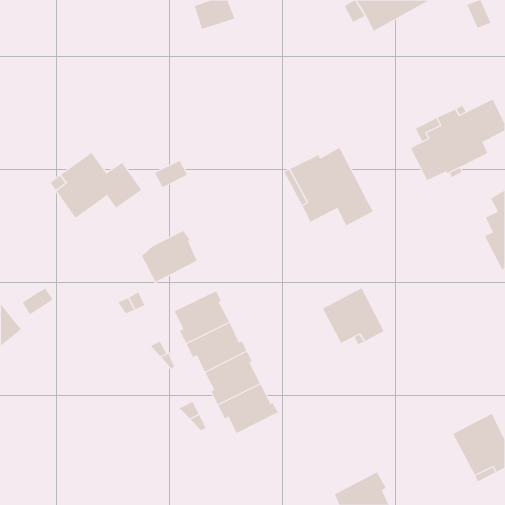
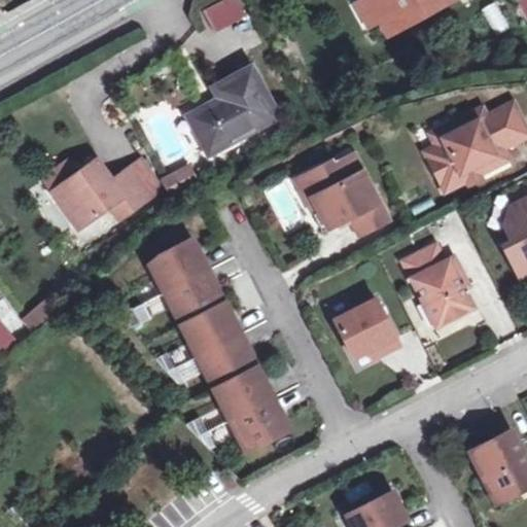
building: none -> [189,68,277,152]
building: none -> [405,245,473,325]
building: none -> [162,272,225,324]

